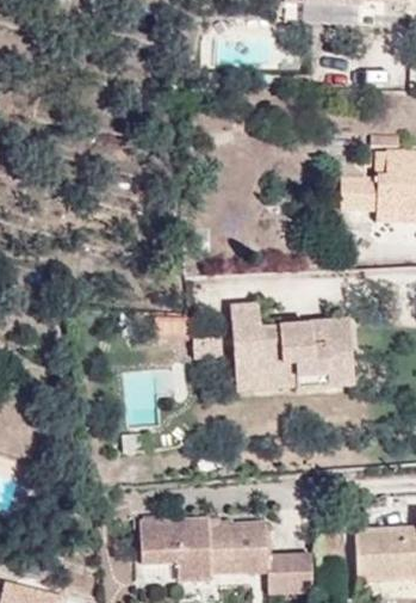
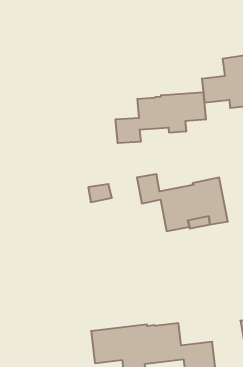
building: none -> [116,92,206,143]
building: [234,342,265,389] -> none

